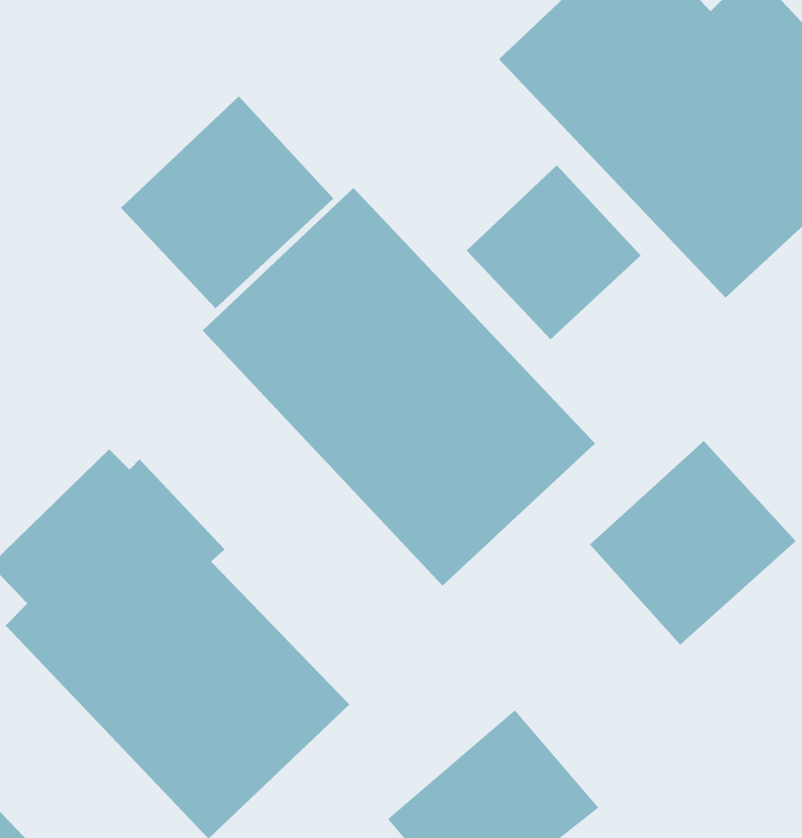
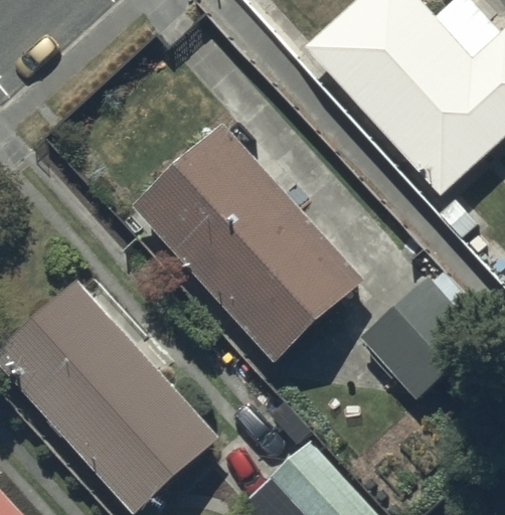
building: [120,96,334,309] -> none
building: [466,164,641,340] -> none

